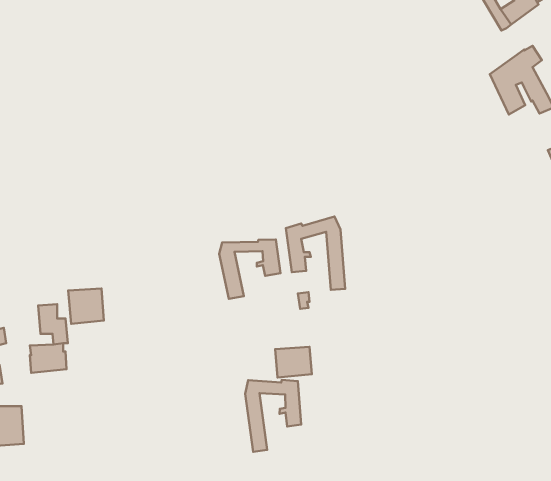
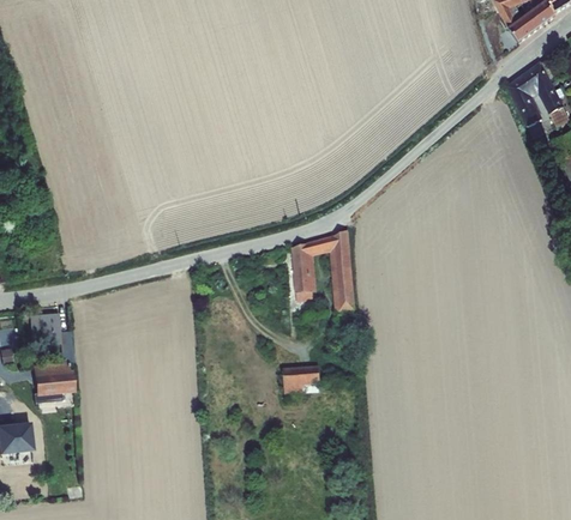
building: [219,239,280,299] -> none
building: [68,289,104,324] -> none
building: [245,380,301,452] -> none

